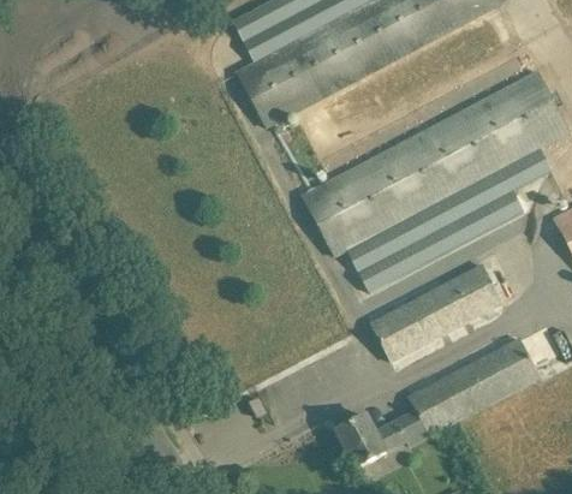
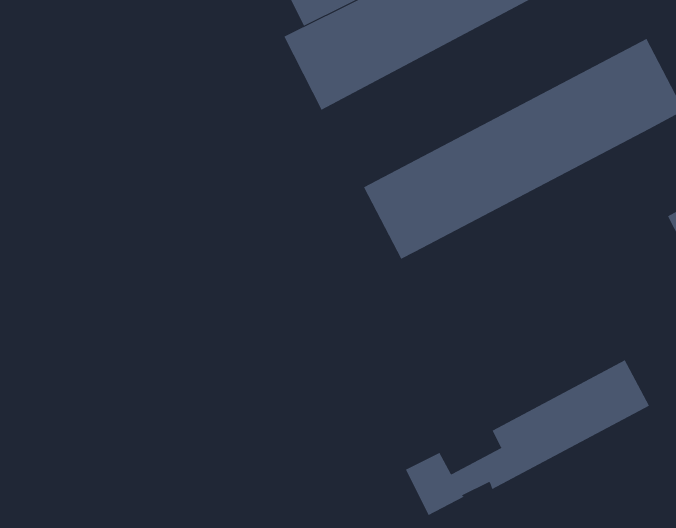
building: [346,145,554,291] -> none
building: [371,263,502,361] -> none

